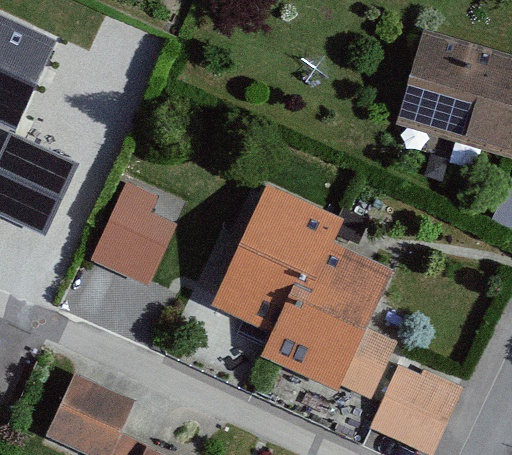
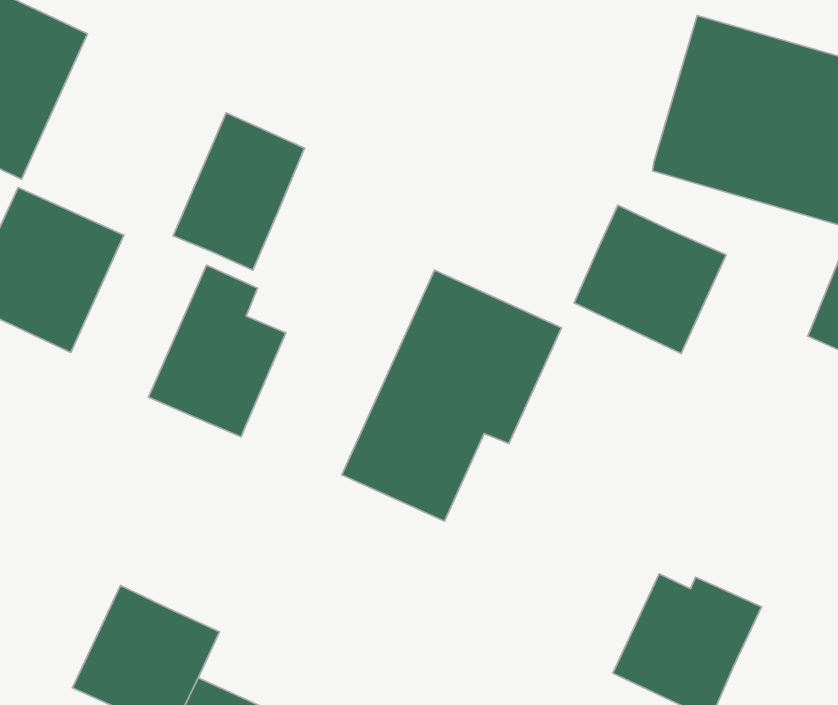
building: none -> [173,113,304,270]
building: none -> [574,205,726,354]
building: [260,242,396,398] -> none

